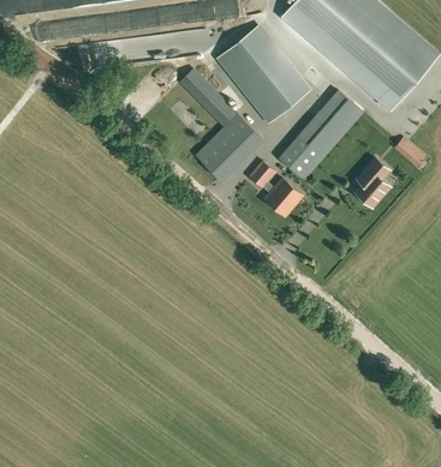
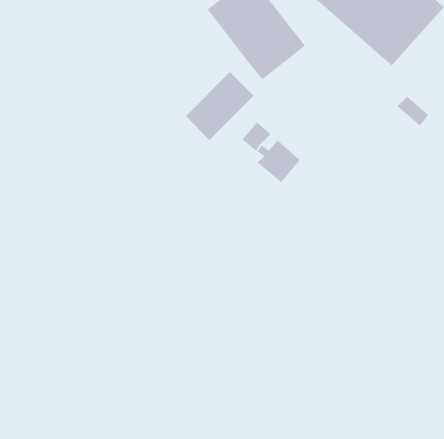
building: [178,67,237,126] -> none
building: [278,90,362,180] -> none
building: [356,158,388,205] -> none

